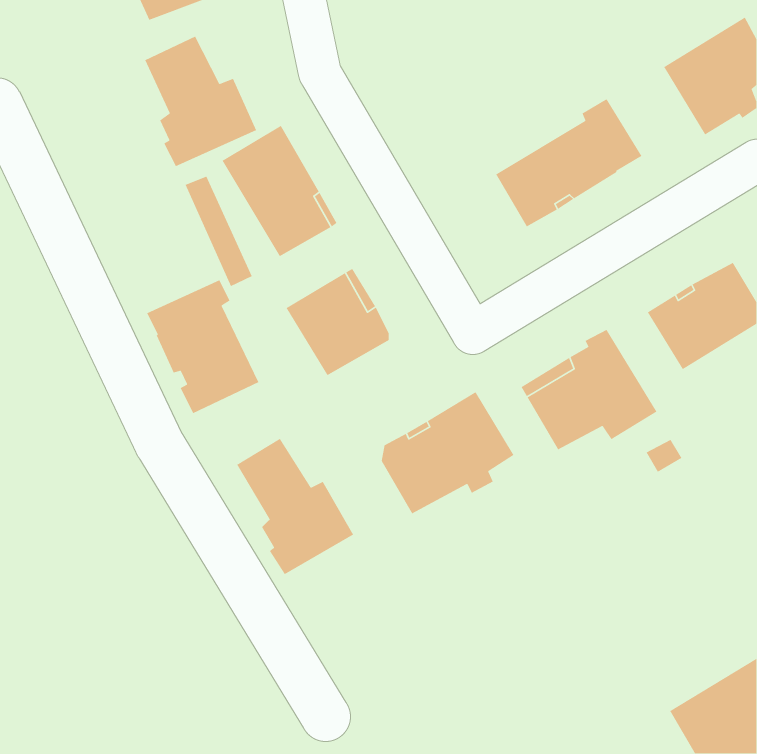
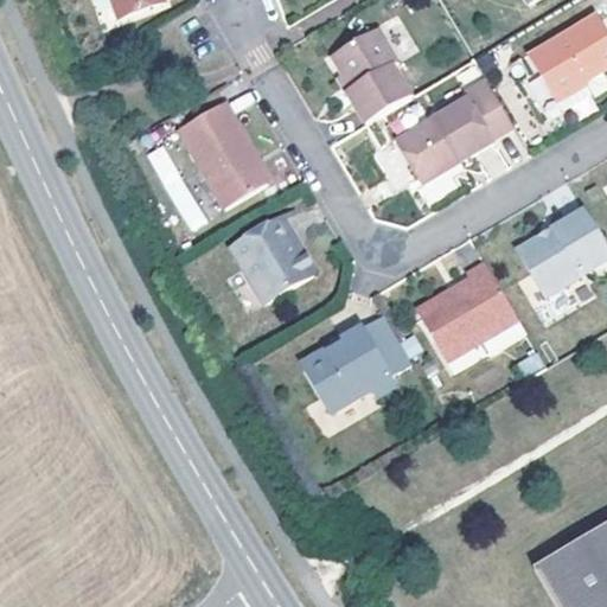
building: none -> [331,26,410,122]
building: [144,35,257,167] -> none
building: [146,279,260,414] -> none
building: [236,438,354,575] -> none

